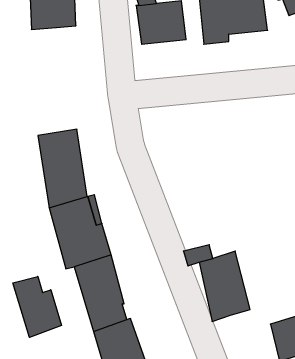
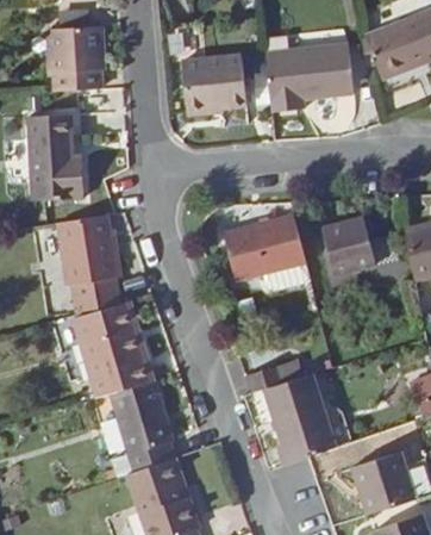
building: none -> [26,113,82,193]
building: none -> [229,210,314,291]
building: none -> [324,219,376,269]
building: [13,276,62,337] -> none

